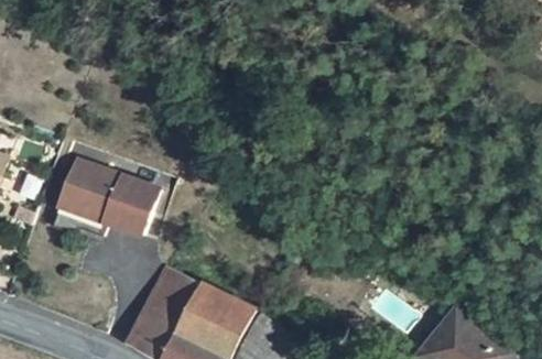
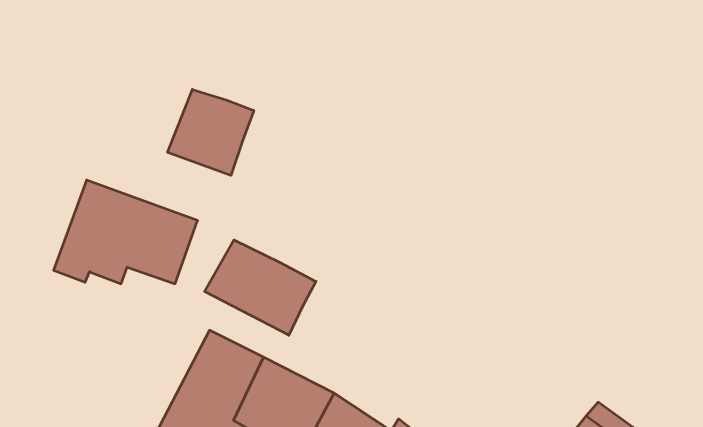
building: none -> [168,89,254,175]
building: none -> [205,240,316,335]

